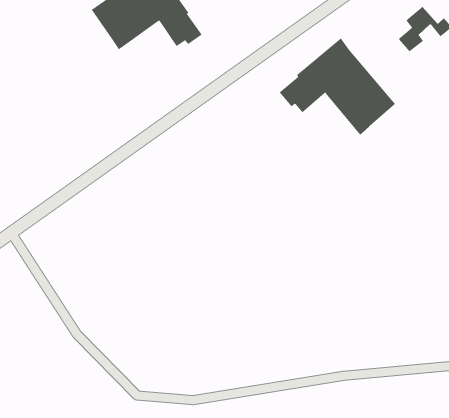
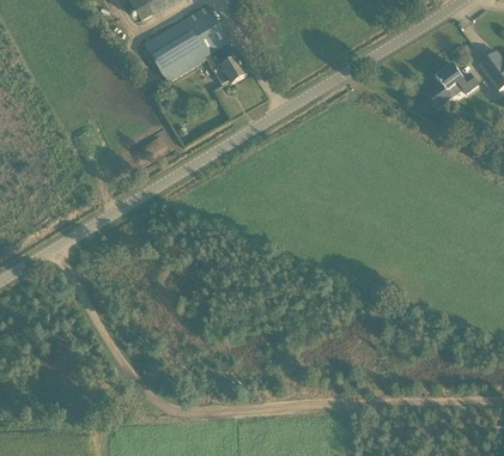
building: [279,37,396,135] -> none

